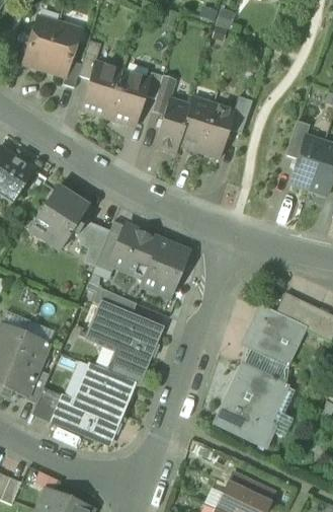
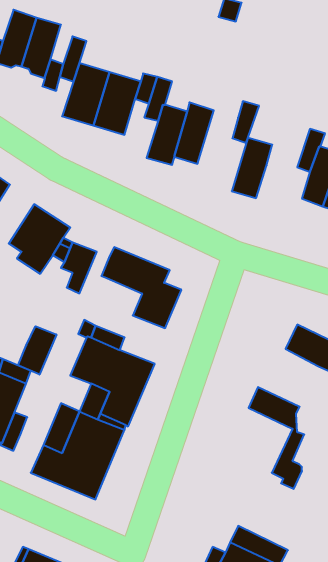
building: [199,104,235,157] -> [232,138,272,198]
building: [96,227,122,271] -> none
building: none -> [18,326,56,375]
building: [244,306,305,364] -> none
building: [219,365,282,446] -> none
building: [34,388,65,422] -> none

